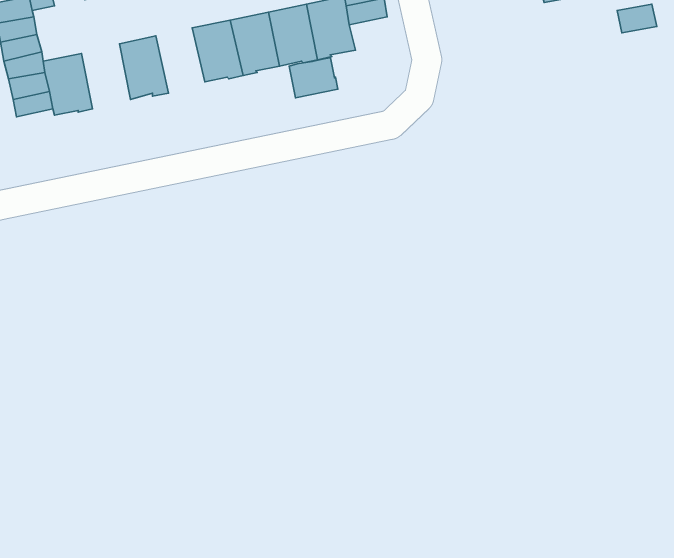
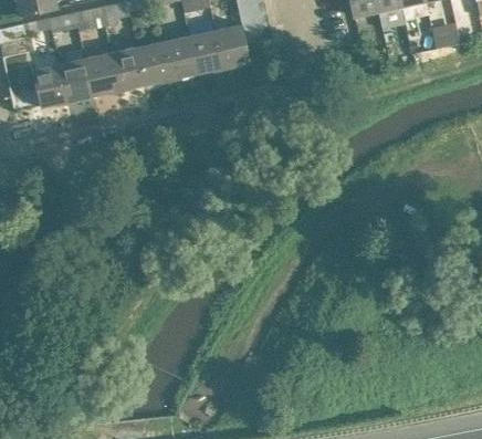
building: none -> [111,46,145,92]
building: none -> [59,58,93,103]
building: [289,58,338,98] -> none

